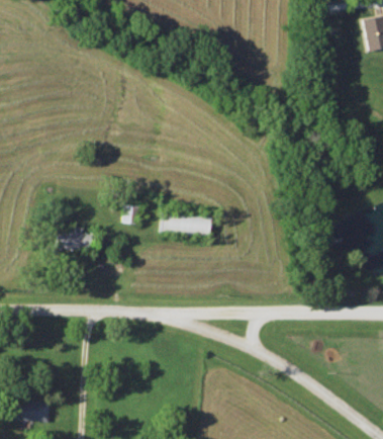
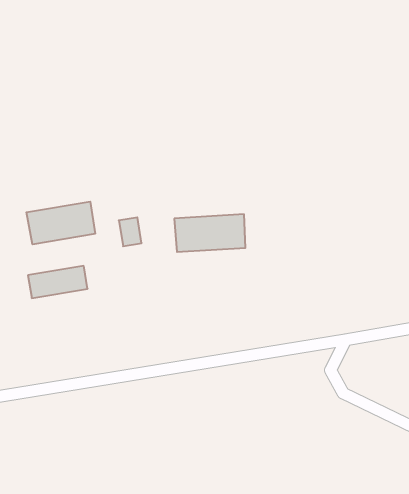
building: none -> [26,202,95,244]

